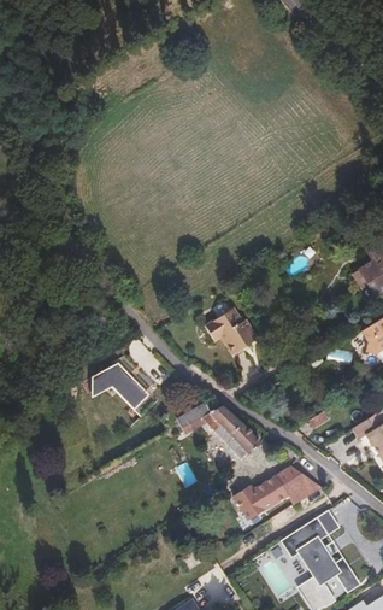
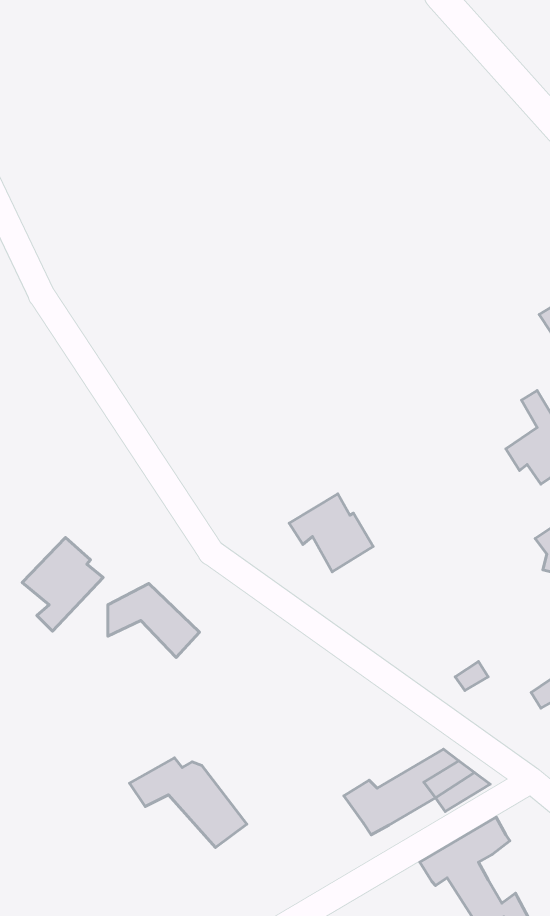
building: none -> [22,537,103,631]
building: [187,400,259,456] -> [130,758,247,847]

